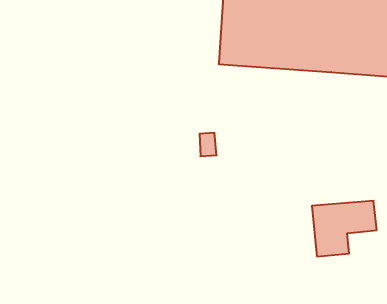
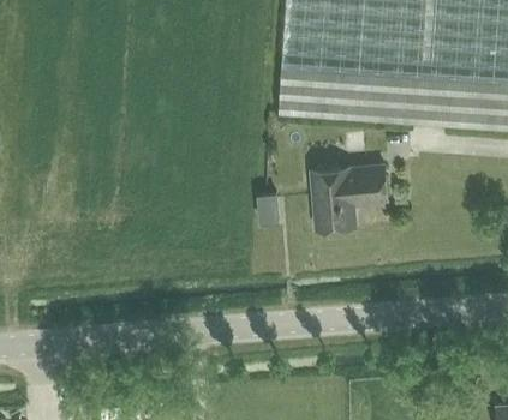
building: [312,201,377,256] -> [307,162,384,228]

